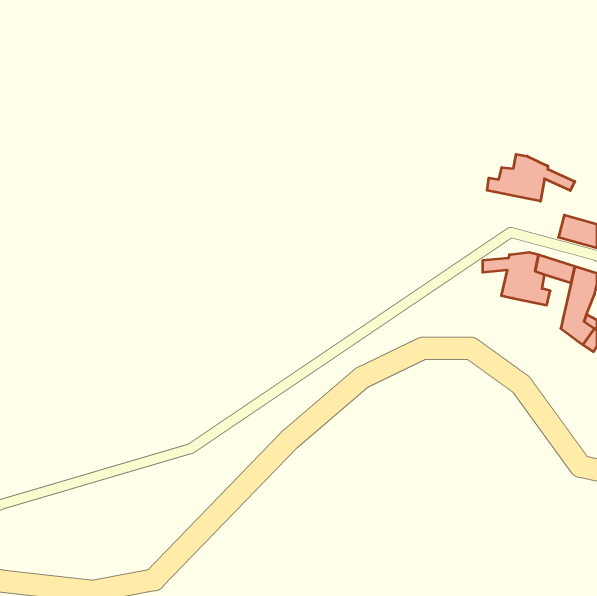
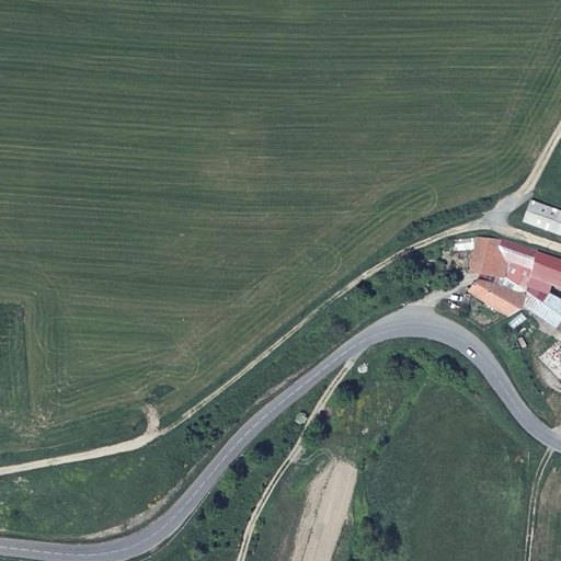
building: [487,154,575,201] -> none
building: none -> [474,285,528,317]

